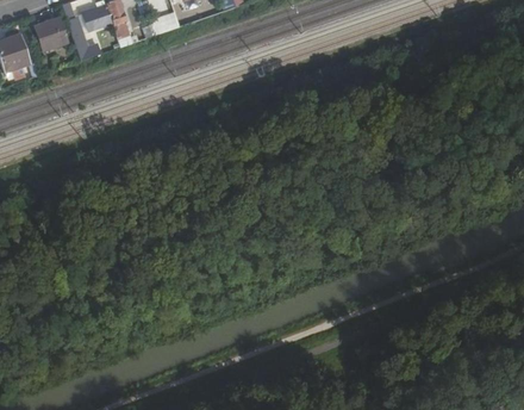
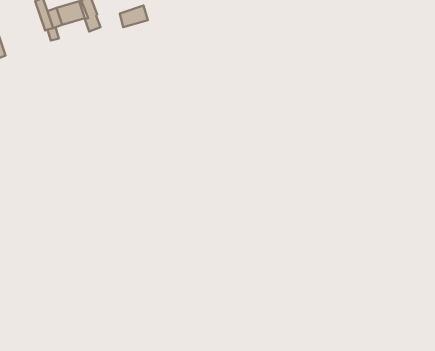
building: [36,18,67,50] -> none

